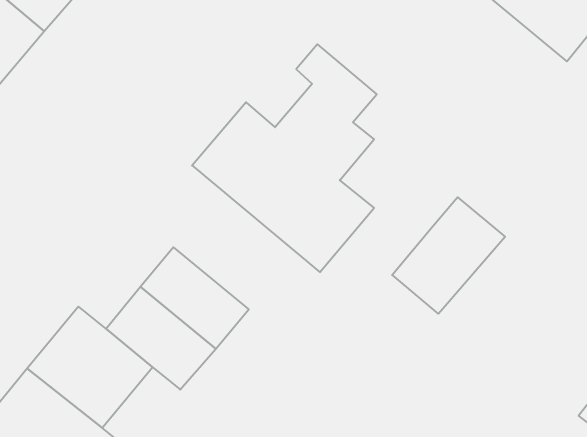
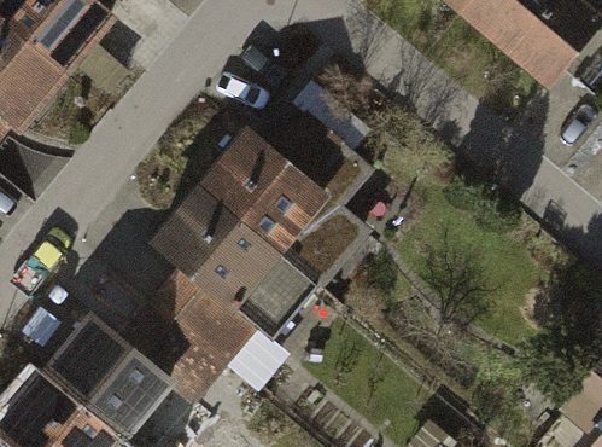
building: none -> [157,187,317,337]
building: [392,197,505,314] -> none

